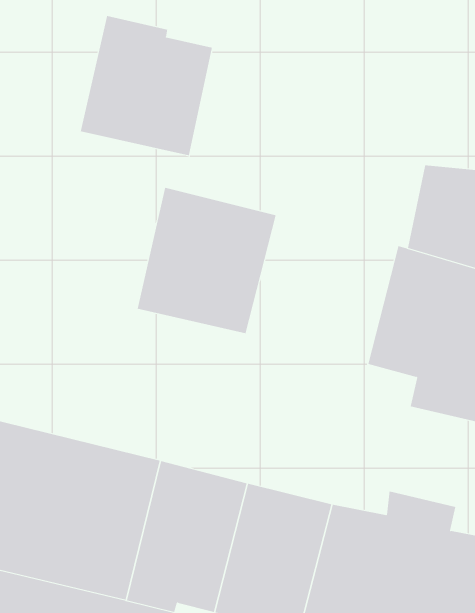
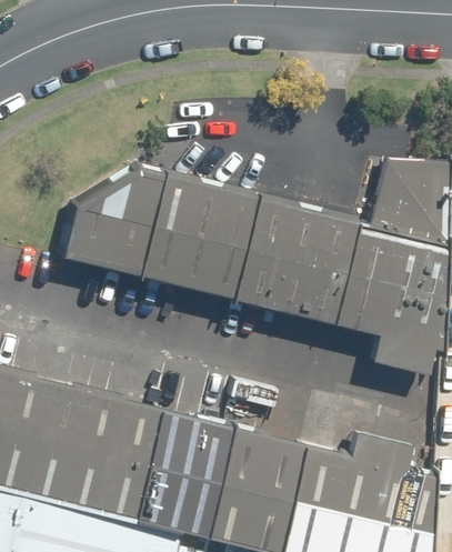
building: [80,15,213,156] -> none
building: none -> [56,170,162,278]
building: none -> [231,199,359,324]

